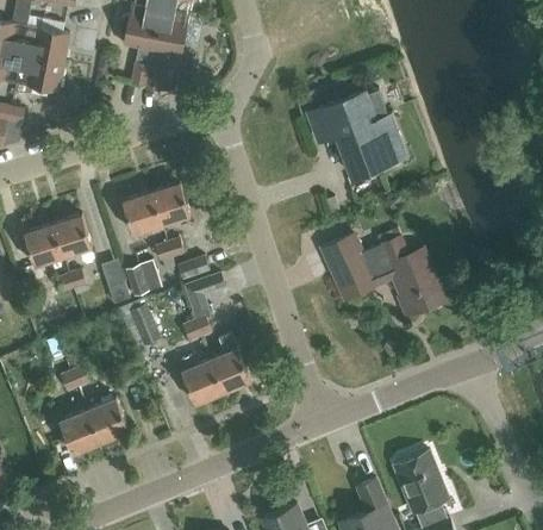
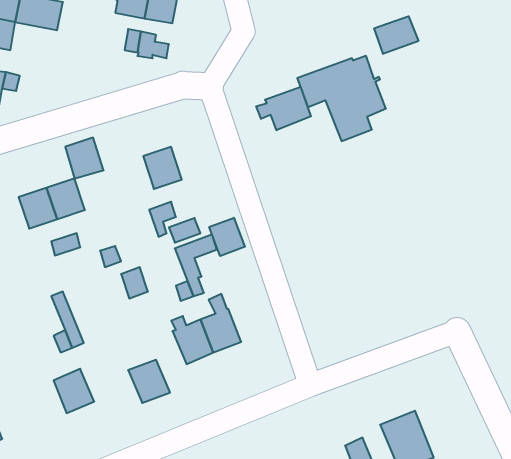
building: none -> [374,16,418,54]
building: [14,54,63,92] -> none
building: none -> [256,87,311,130]
building: [123,191,162,232] -> [65,138,104,178]
building: [323,232,443,316] -> none
building: none -> [209,218,245,256]
building: [124,260,162,297] -> none
building: [87,397,130,441] -> [128,360,170,403]

